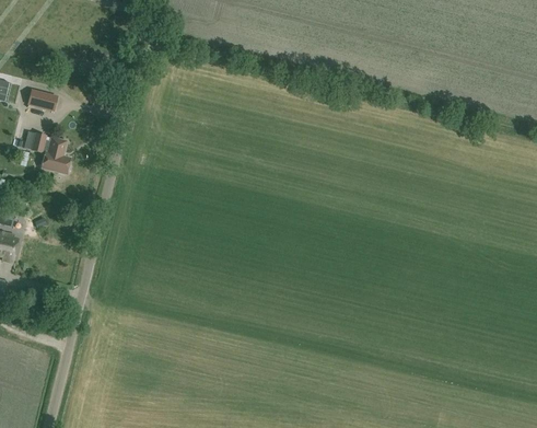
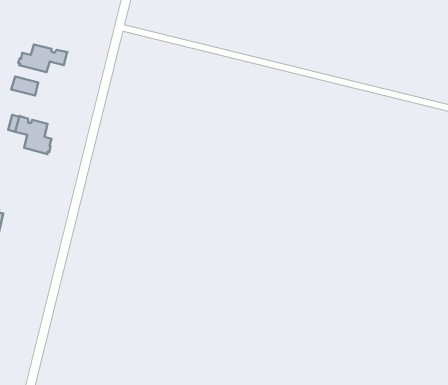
building: none -> [18,44,67,72]

